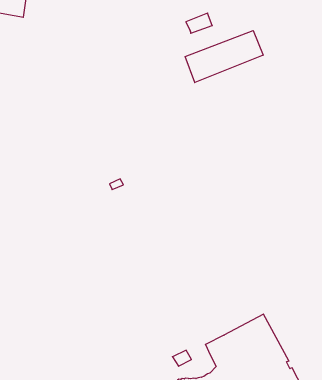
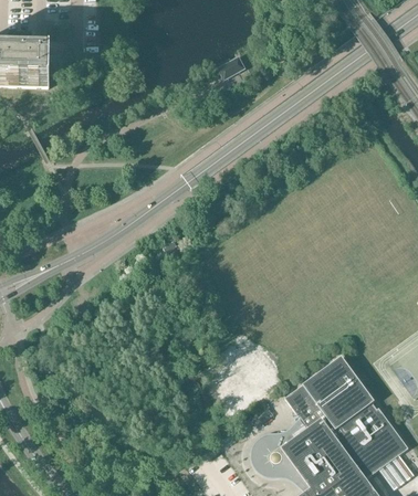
building: [185,31,263,83] -> none

